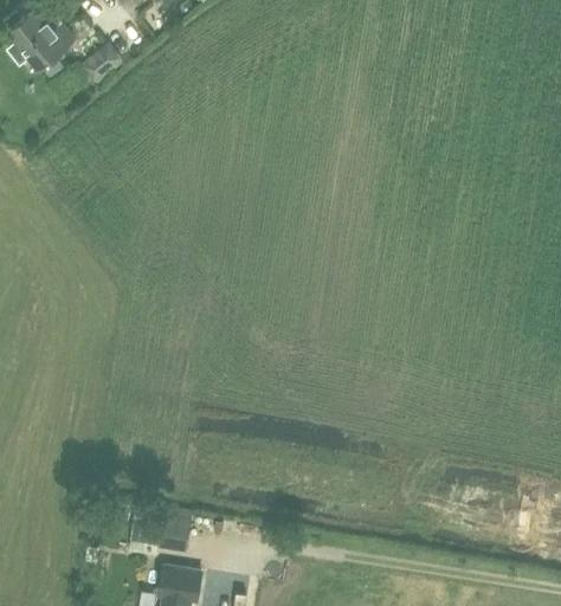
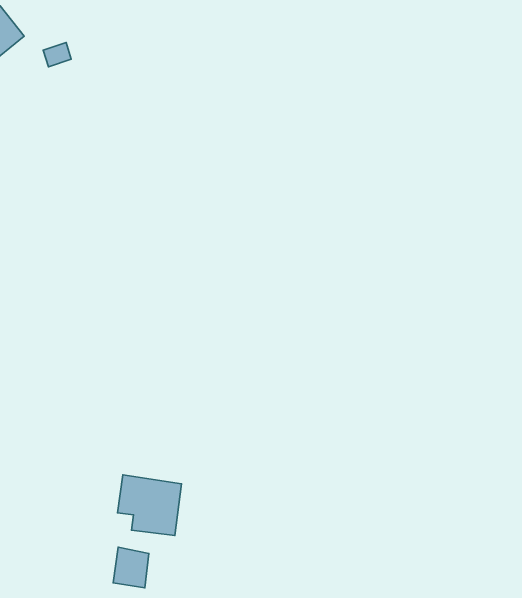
building: none -> [117,475,181,535]

